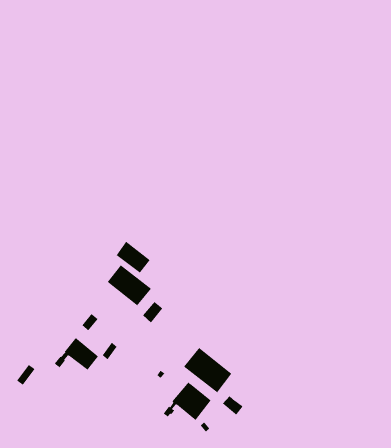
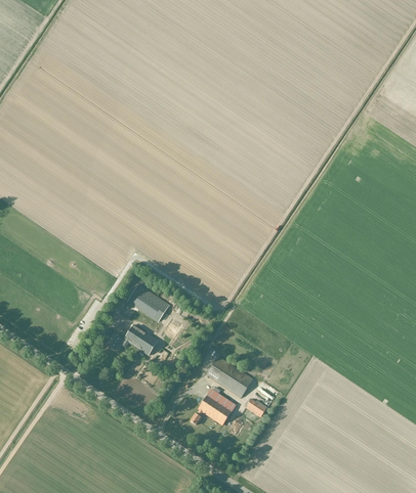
building: [116,241,151,274] -> none
building: [54,337,99,371] -> [116,324,158,355]

